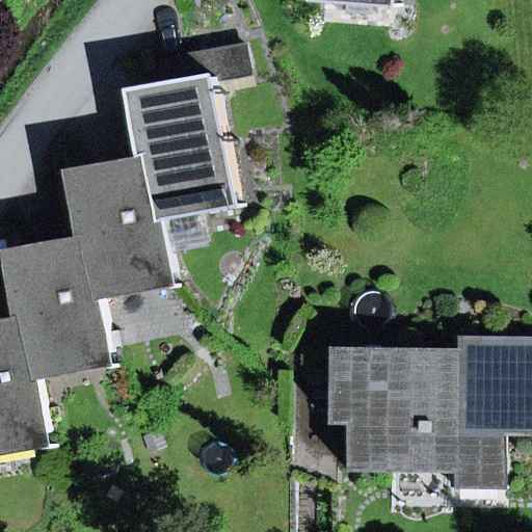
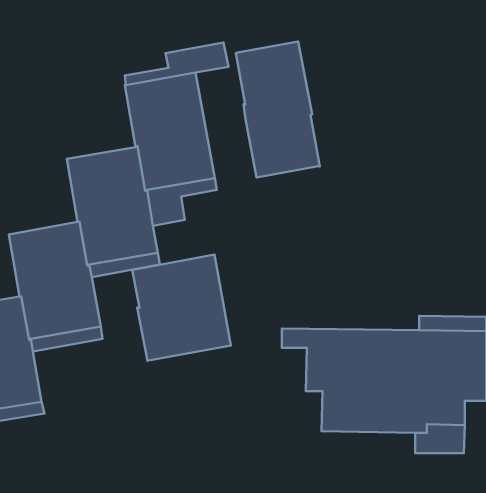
building: none -> [236,41,320,177]
building: none -> [132,254,231,361]

